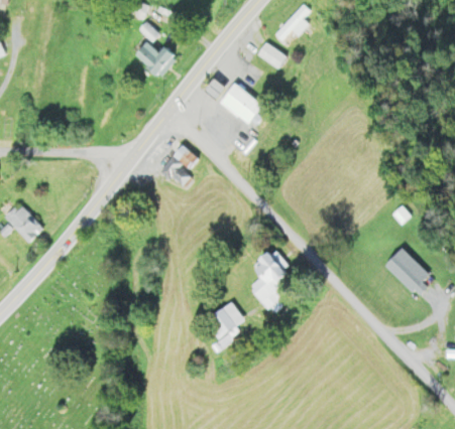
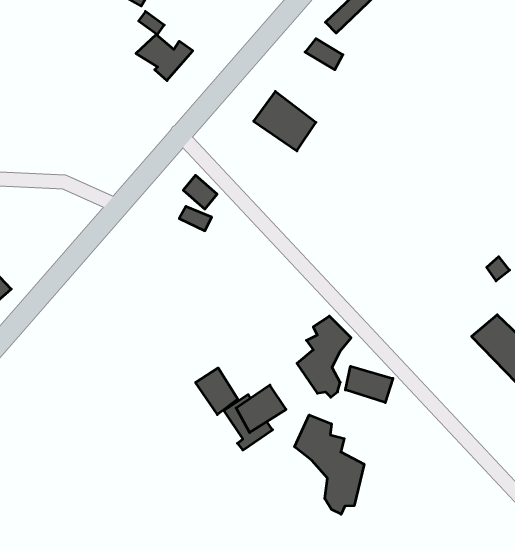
building: none -> [345,366,393,403]
building: none -> [196,368,238,415]
building: none -> [295,415,364,514]

